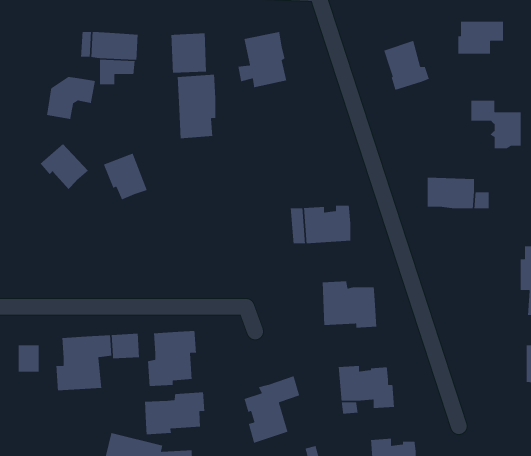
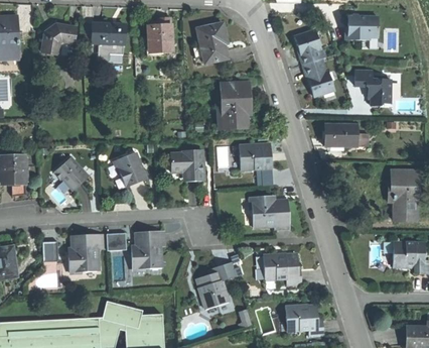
building: [177,74,216,139] -> [222,83,249,128]
building: [46,76,96,120] -> [41,24,76,54]
building: none -> [302,59,334,96]
building: [39,143,89,190] -> [53,157,88,190]
building: [103,153,148,201] -> [115,152,146,186]
building: none -> [170,149,204,181]
building: [144,392,205,435] -> none

